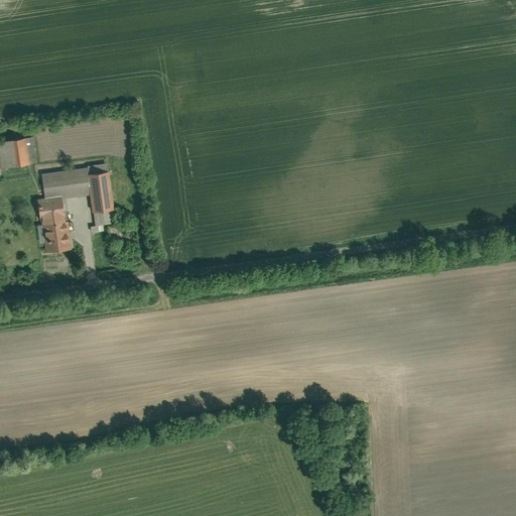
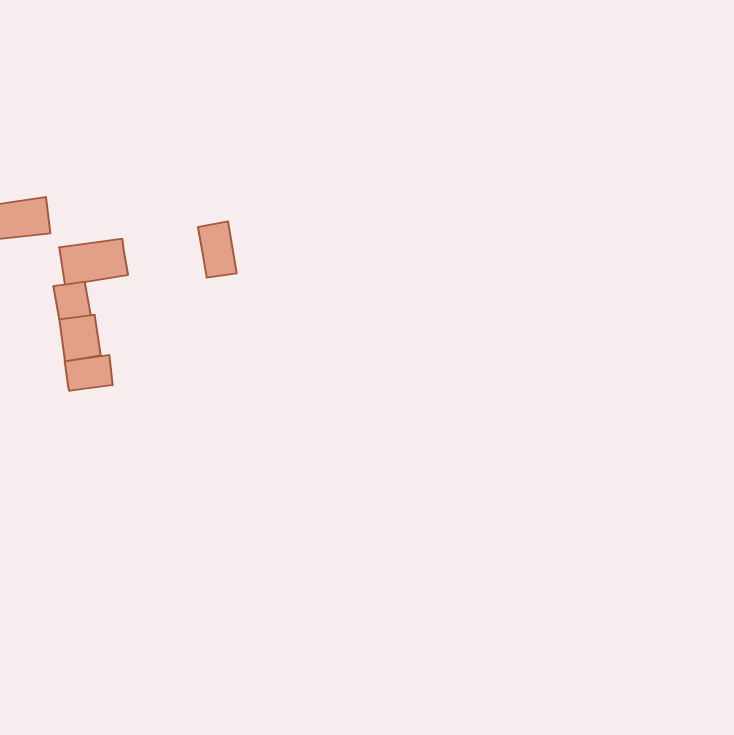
building: [87,171,114,211] -> [198,221,237,278]
building: none -> [65,355,113,391]

